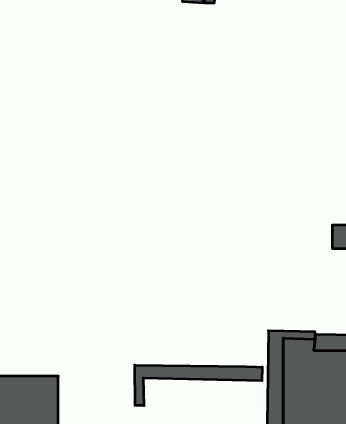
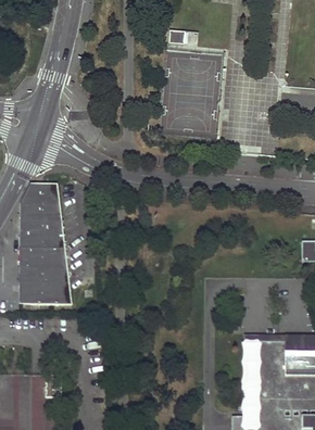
building: none -> [21,180,70,302]
building: [135,365,262,406] -> none

